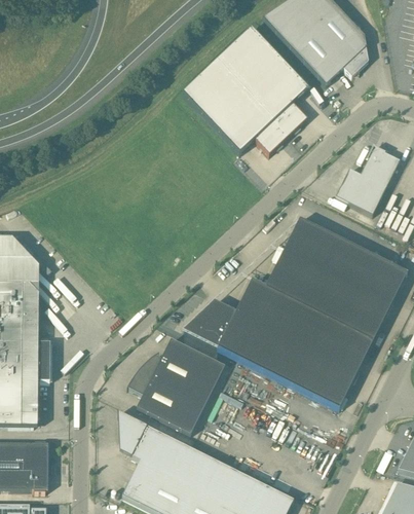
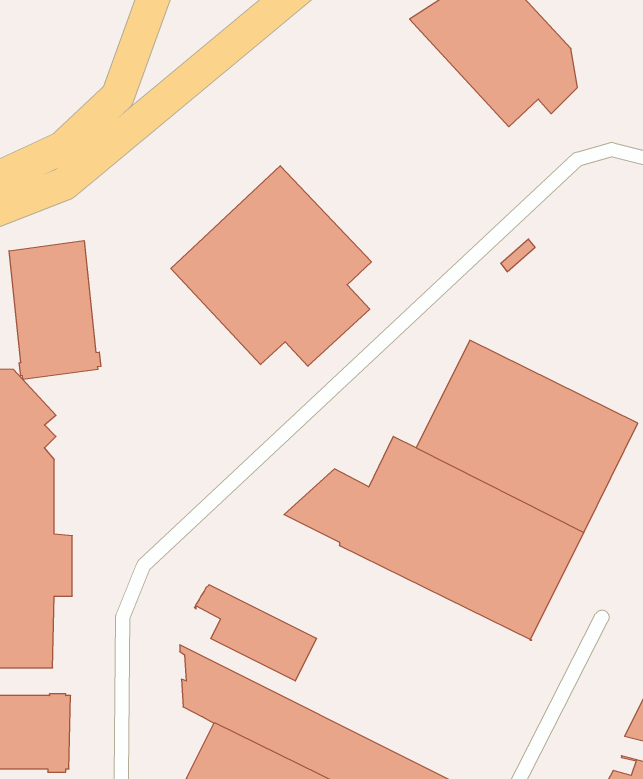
building: [182,28,308,154] -> [171,166,371,366]
building: [335,146,400,215] -> none
building: none -> [9,241,101,380]
building: [136,338,225,407] -> none

